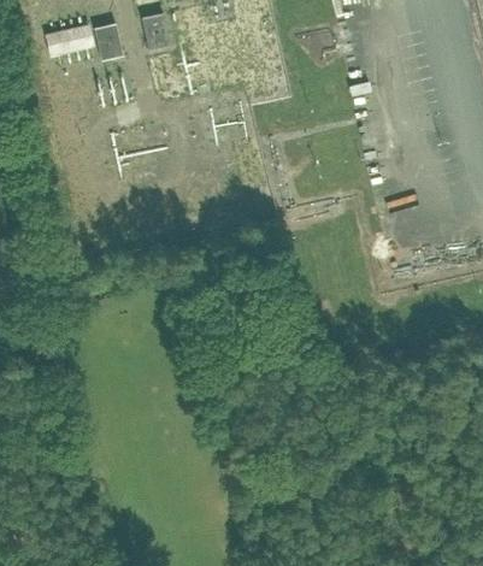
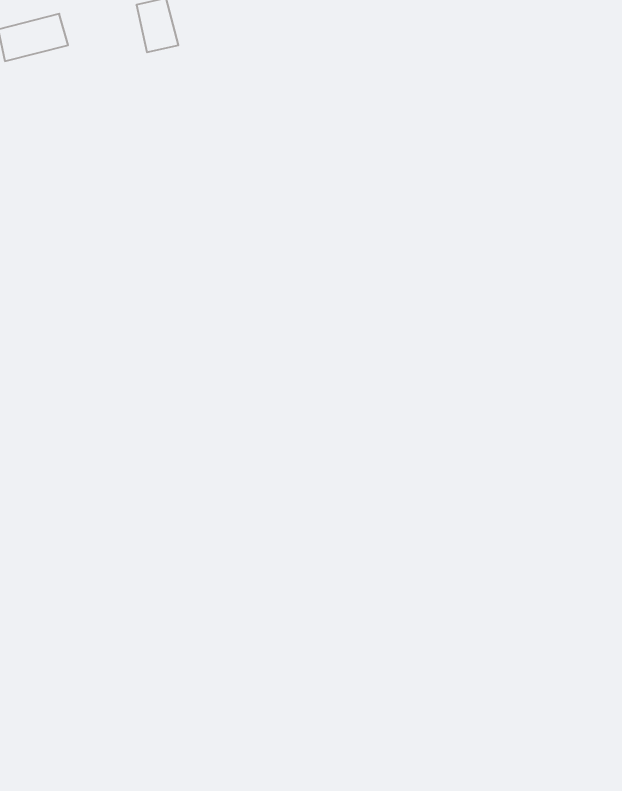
building: [92,23,120,59] -> none

